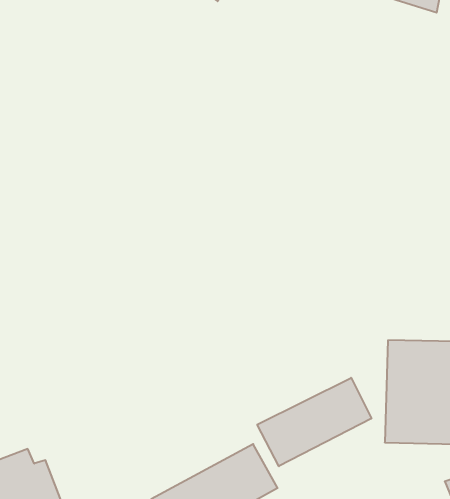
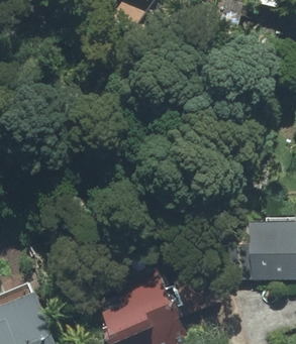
building: [257,378,371,466] -> none

